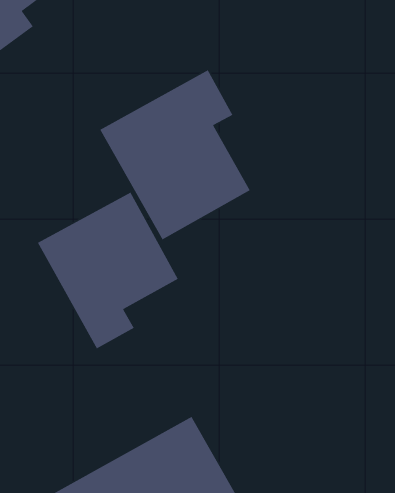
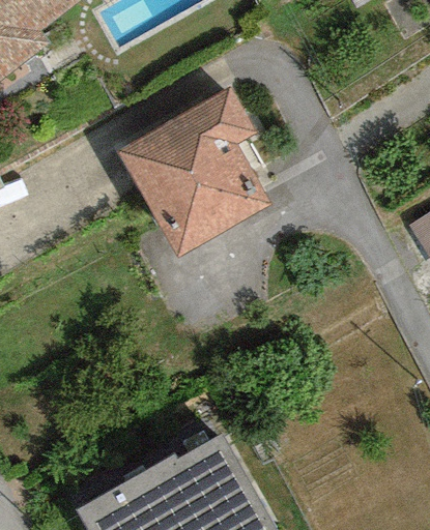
building: [37,192,179,349] -> none

